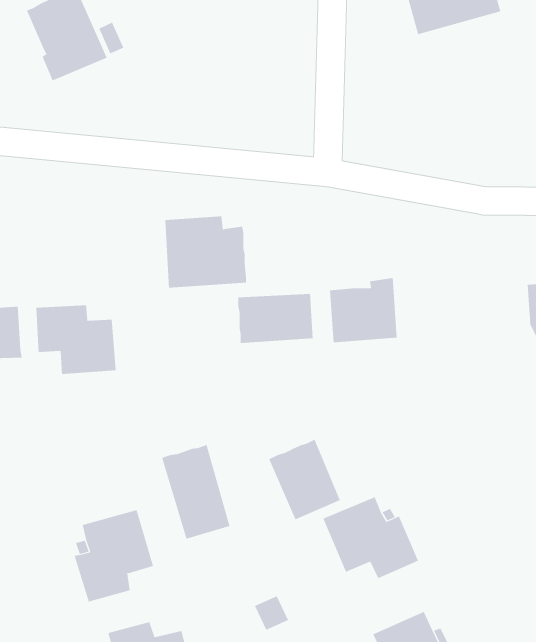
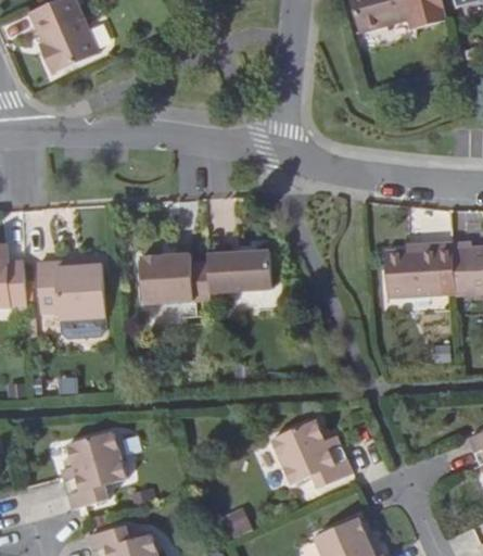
building: [164,216,247,288] -> [138,253,207,314]
building: [329,277,397,343] -> [382,243,440,299]
building: [268,439,340,520] -> none
building: [162,444,230,540] -> none

